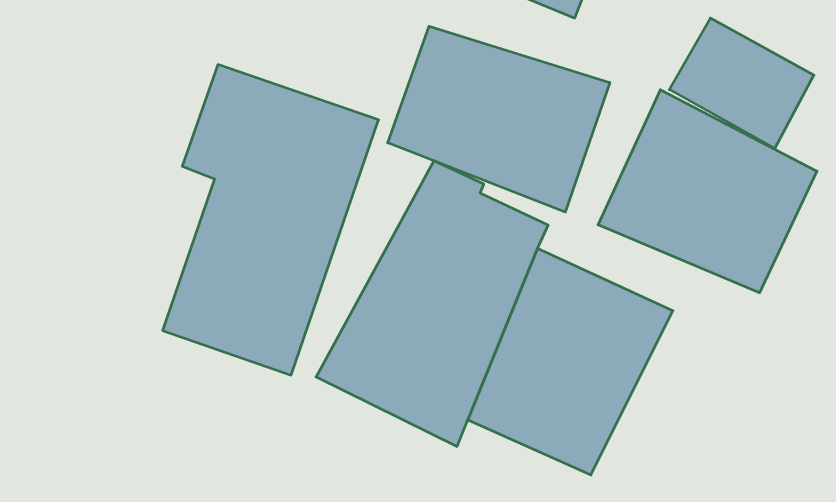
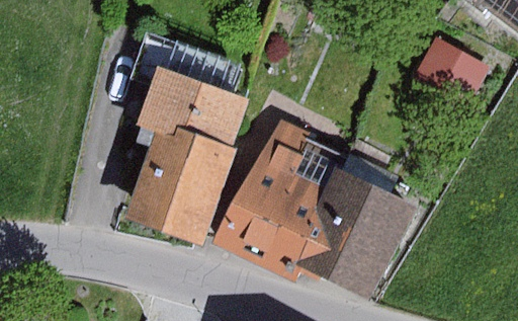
building: [388,26,610,212] -> none
building: [598,90,817,293] -> none

